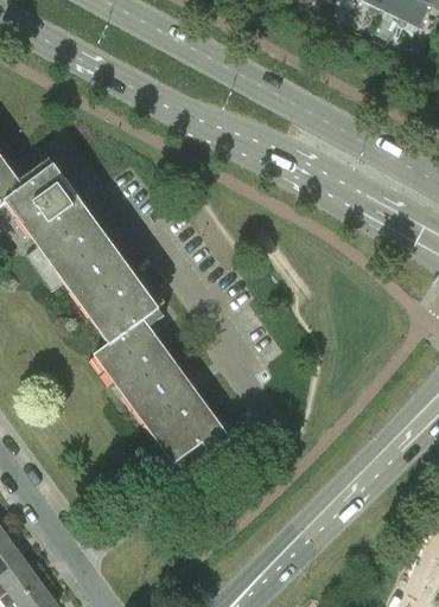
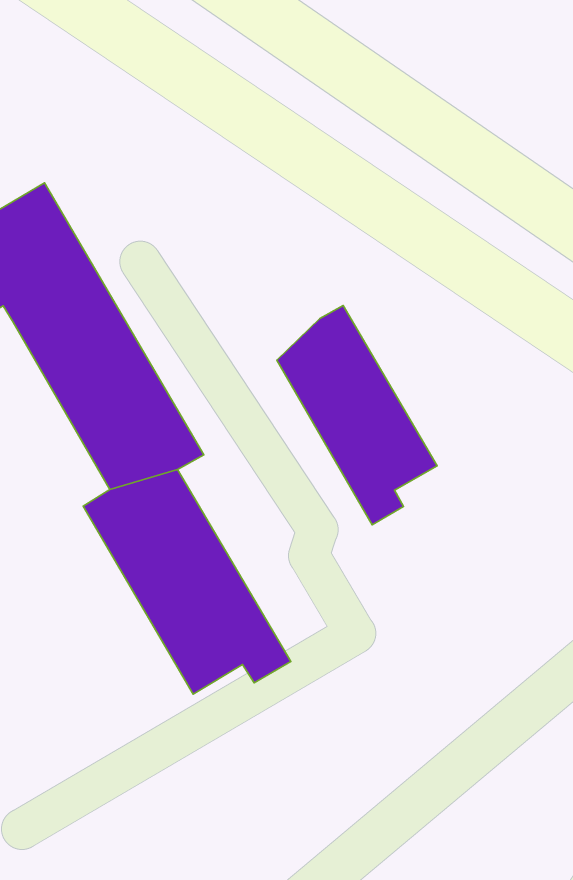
building: none -> [277,305,437,525]

